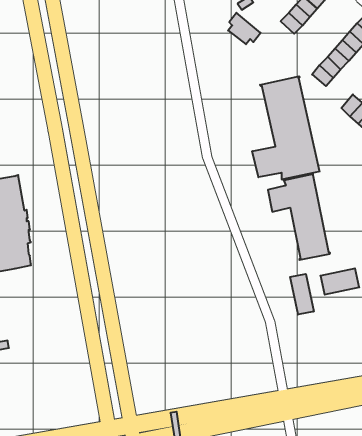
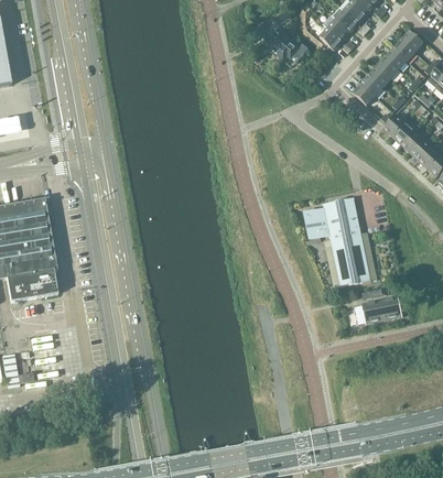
building: [252,76,320,180] -> none
building: [290,274,314,315] -> none

